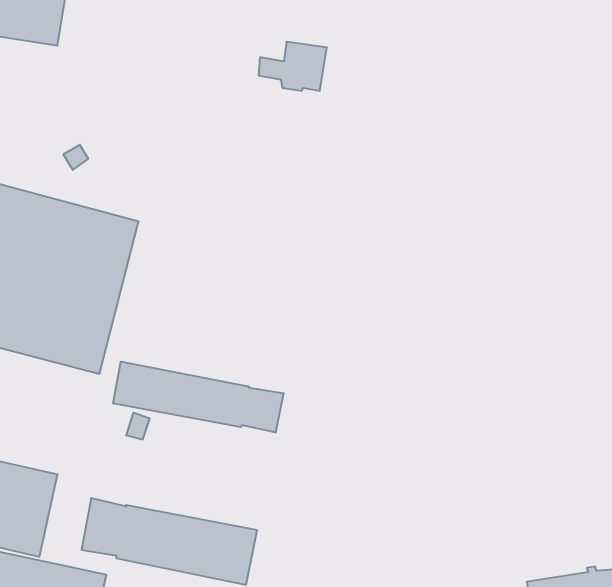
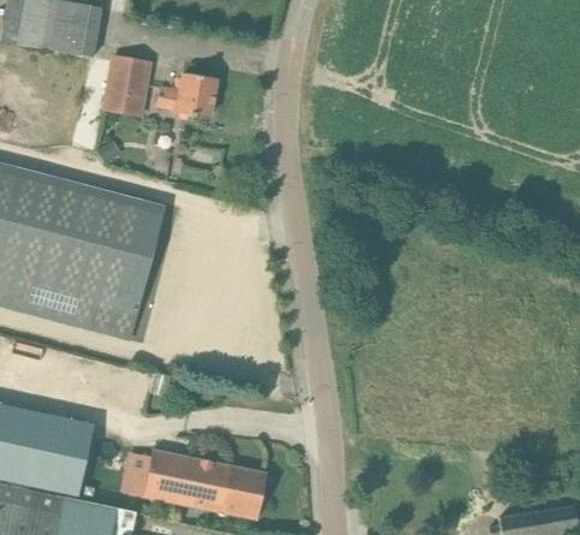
building: [259,42,327,91] -> [158,75,217,117]
building: none -> [100,55,152,118]
building: [113,362,283,433] -> none

